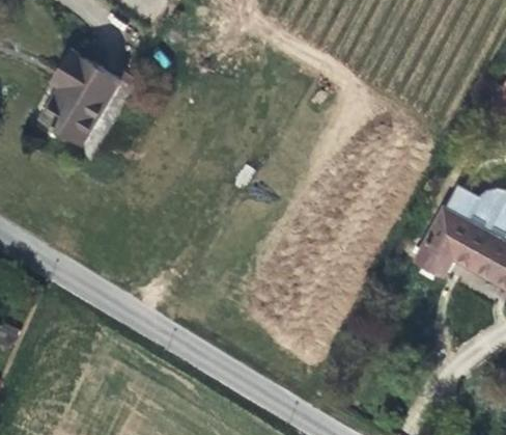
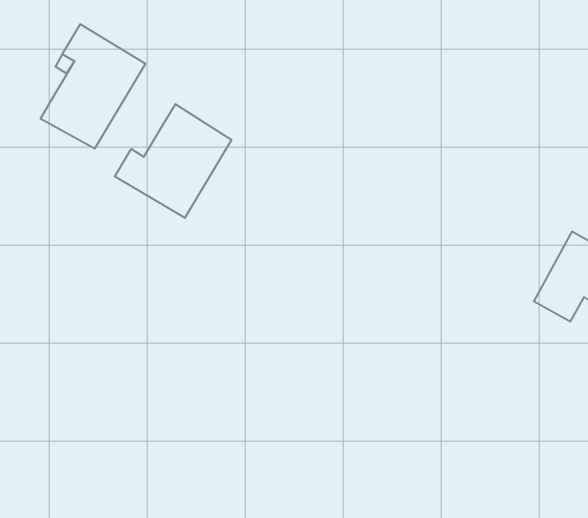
building: none -> [115,104,231,218]

